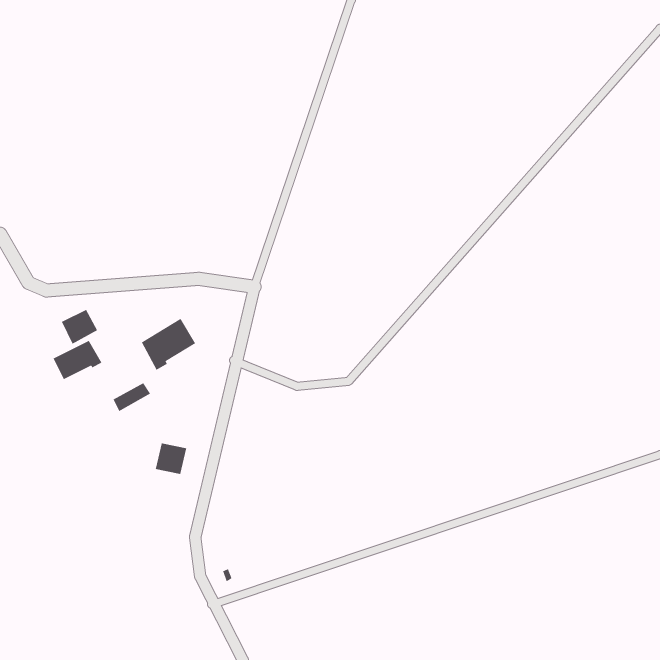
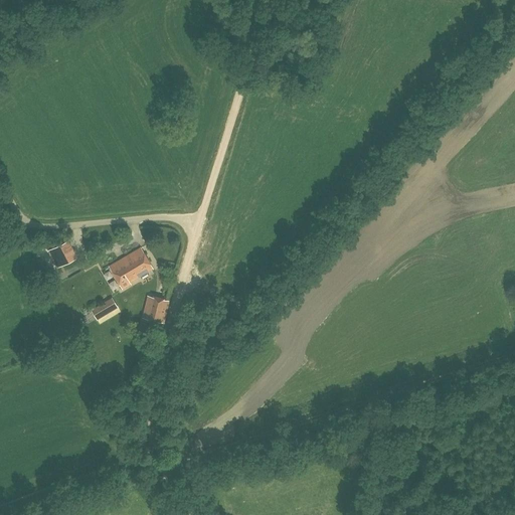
building: [52,340,102,380] -> none
building: [155,443,187,475] -> [143,297,168,322]

